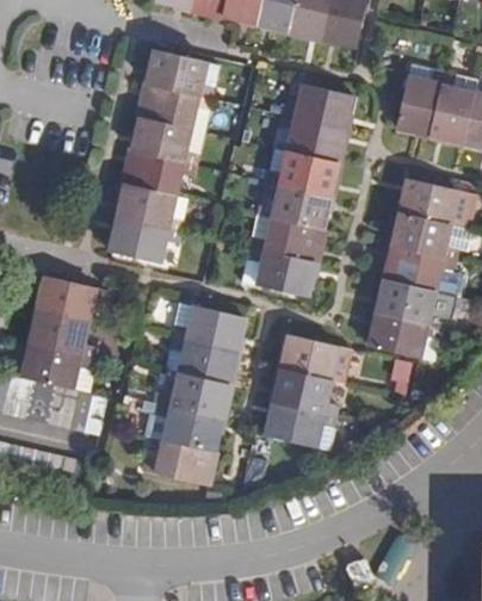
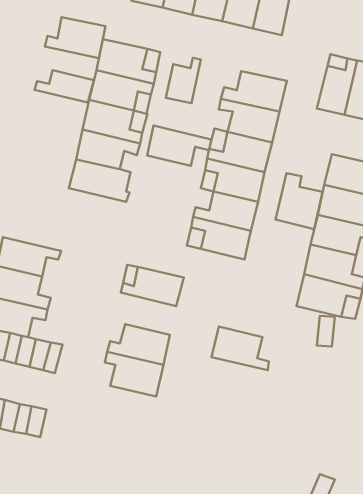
building: none -> [45,17,106,58]
building: none -> [166,58,201,103]
building: none -> [35,70,94,102]
building: none -> [276,173,323,229]
building: [106,217,178,262] -> [147,126,211,166]
building: [168,334,234,382] -> none
building: [282,337,353,384] -> none
building: [266,407,336,451] -> none
building: [141,439,211,483] -> none

